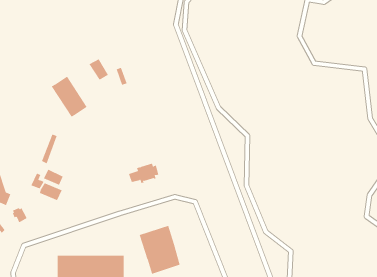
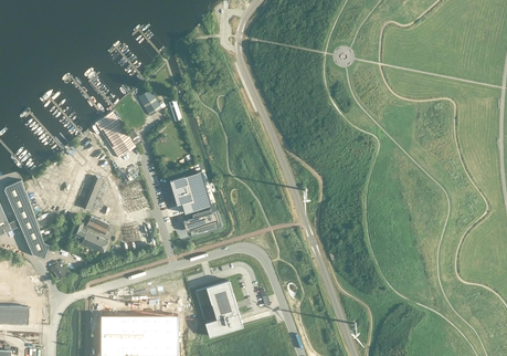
building: none -> [169,171,211,213]

